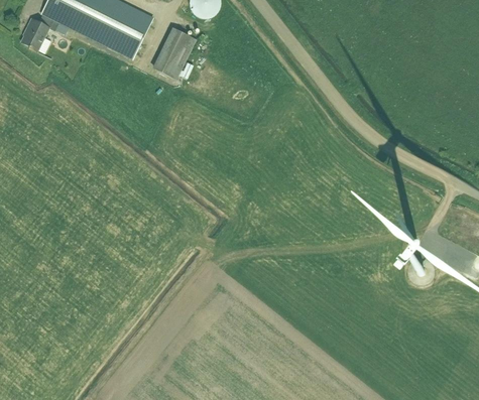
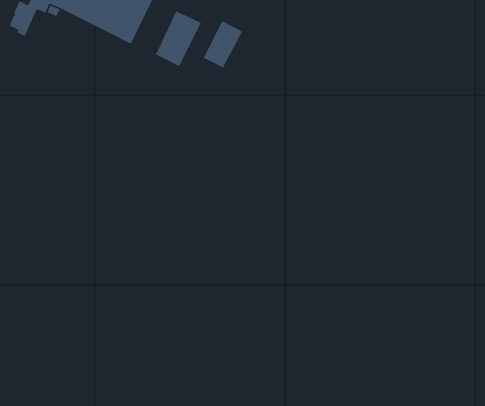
building: none -> [203,20,243,69]

